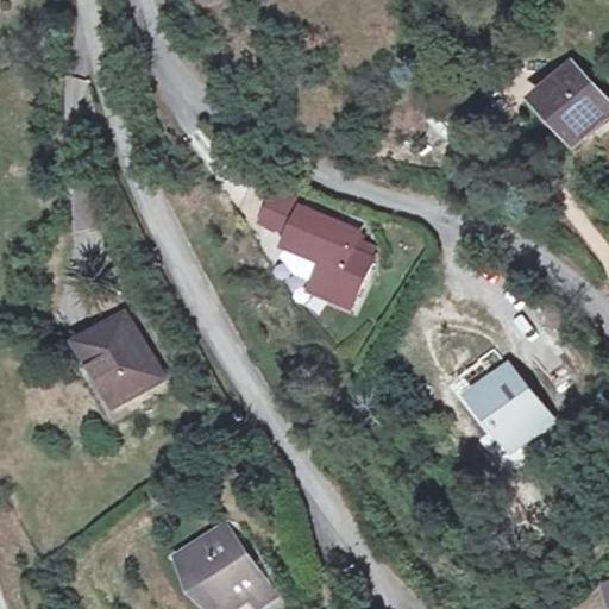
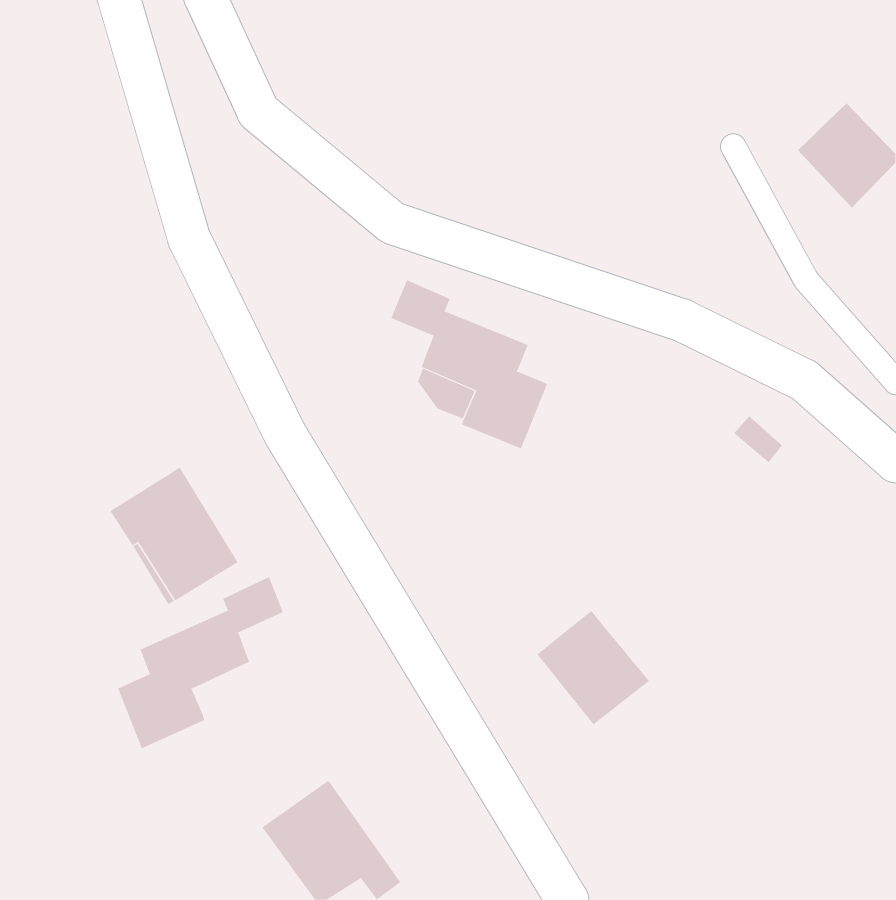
building: [472,371,548,448] -> [537,610,650,725]
building: none -> [118,576,284,749]

